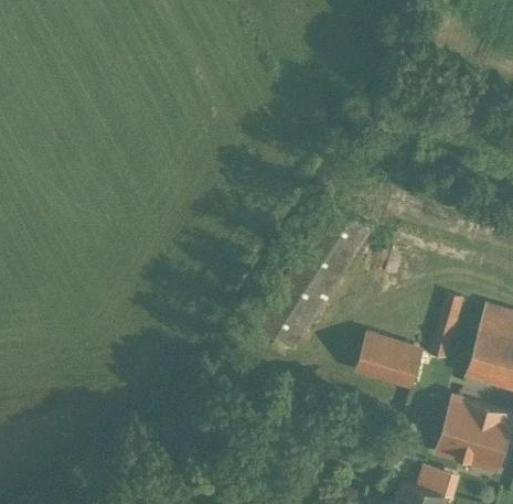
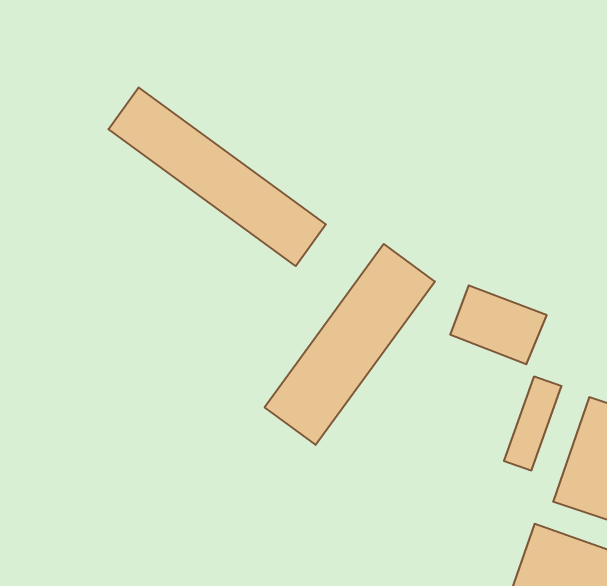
building: none -> [108,87,326,266]
building: [356,333,424,386] -> [450,285,547,364]

